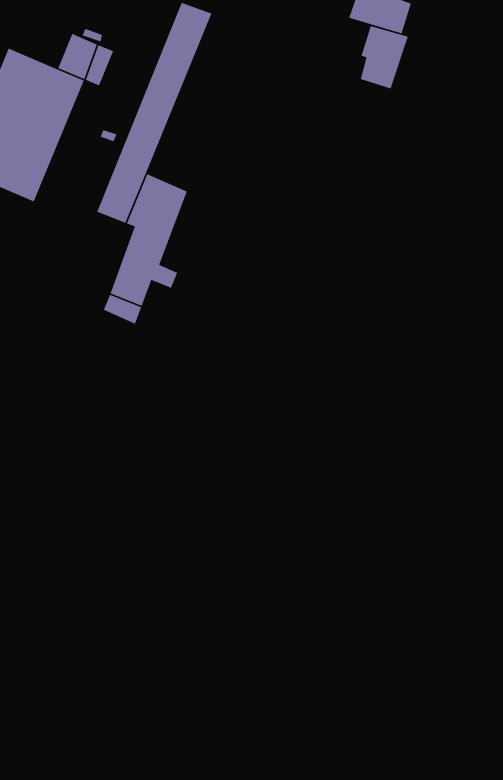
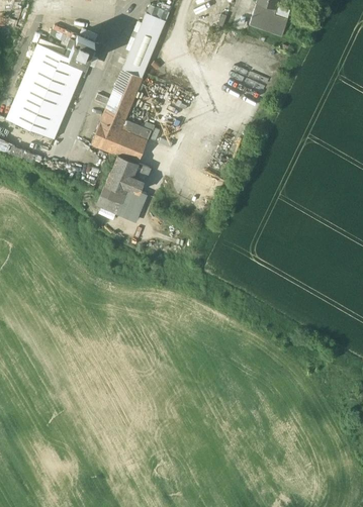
building: [360,25,409,89] -> none
building: none -> [116,188,146,222]

